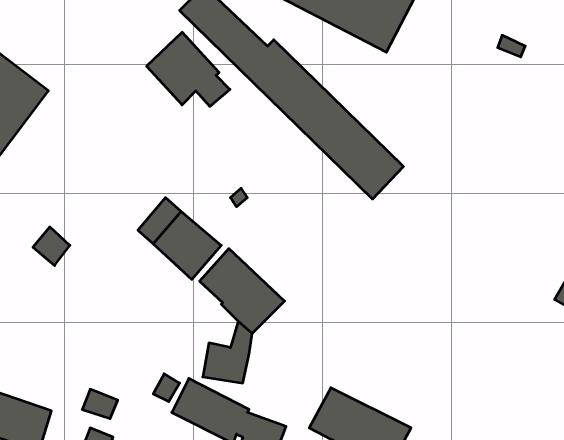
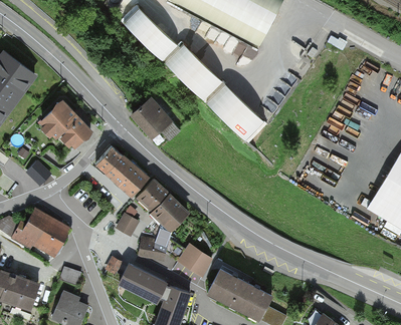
building: [147,32,230,106] -> [128,93,182,141]
building: none -> [38,104,93,153]
building: none -> [115,207,139,238]
building: none -> [12,210,69,257]
building: none -> [176,244,211,280]

